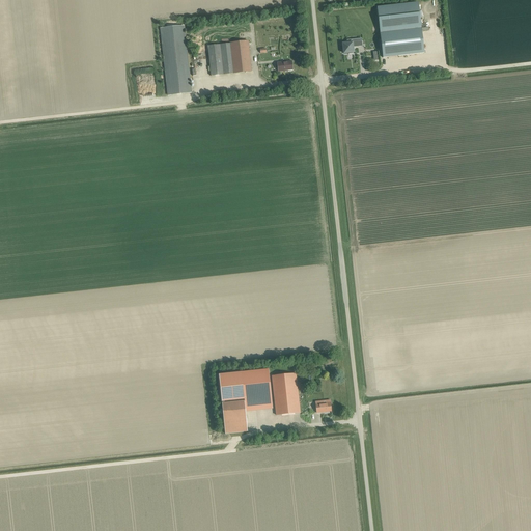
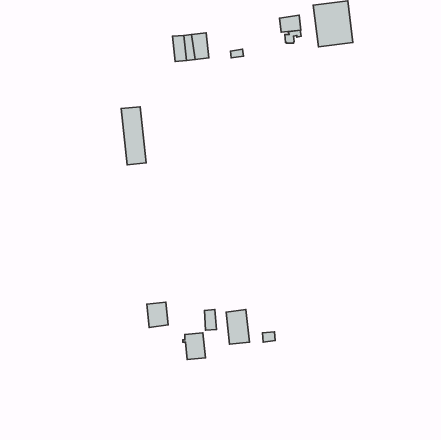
building: none -> [279,15,301,32]
building: [161,24,191,93] -> [121,107,146,165]
building: [219,370,245,400] -> [147,302,168,327]

